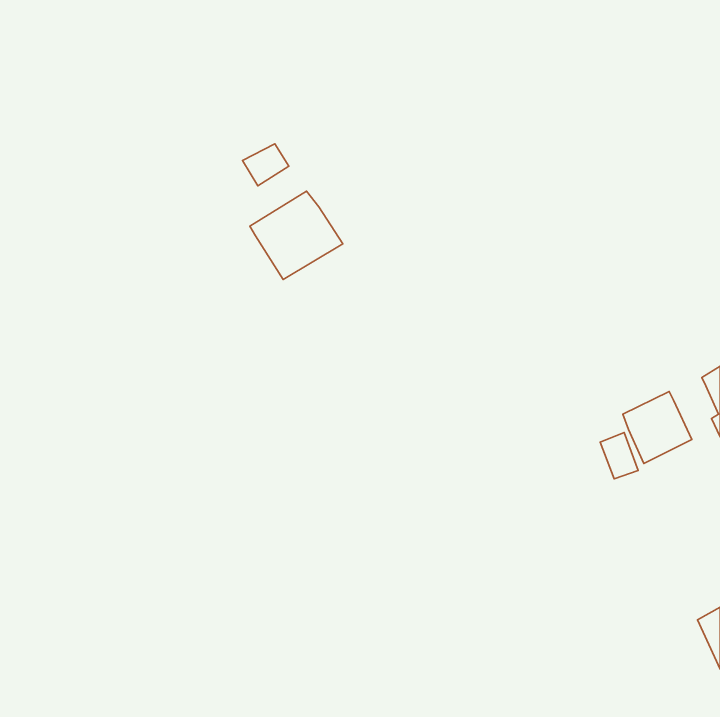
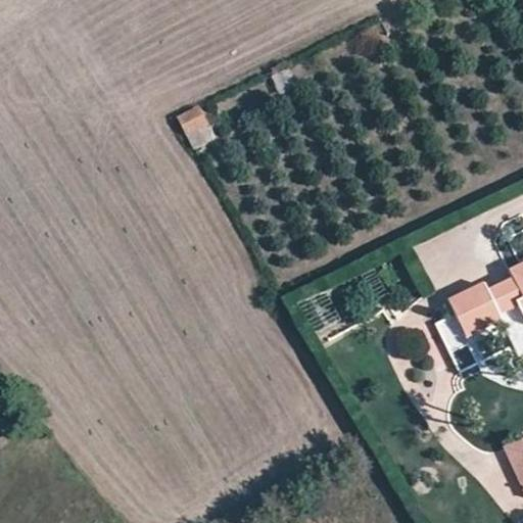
building: [250,191,343,279] -> none

